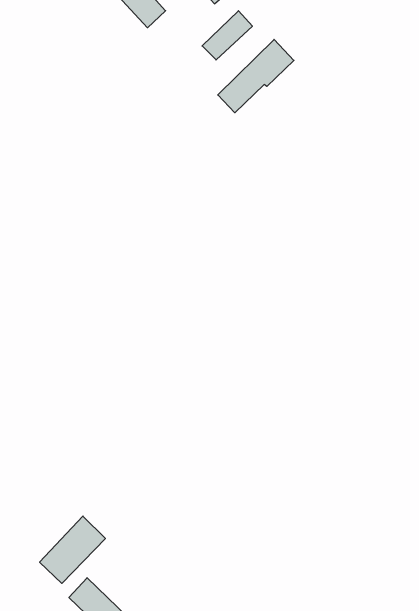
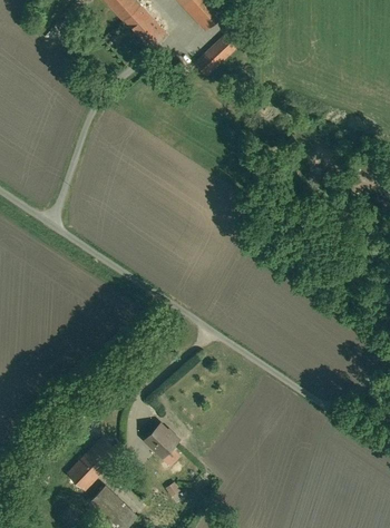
building: [218,39,294,113] -> none
building: none -> [146,424,179,457]

